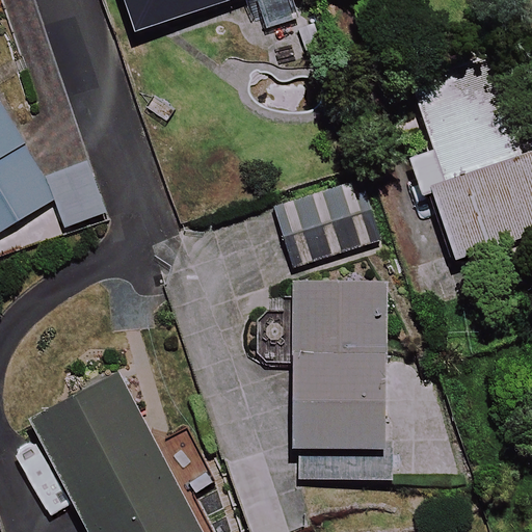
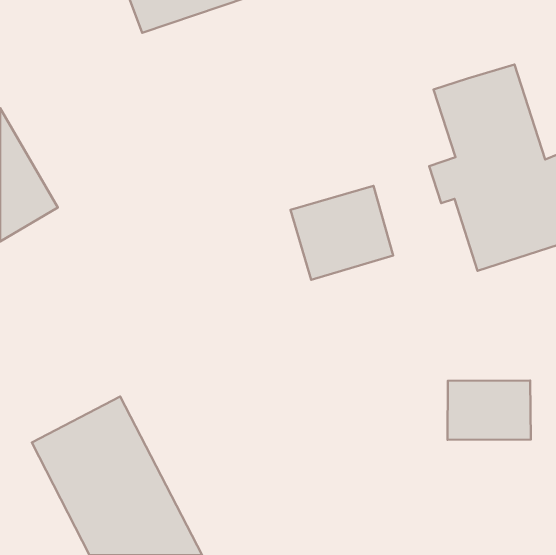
building: [292,285,384,479] -> none
building: none -> [448,381,531,440]

